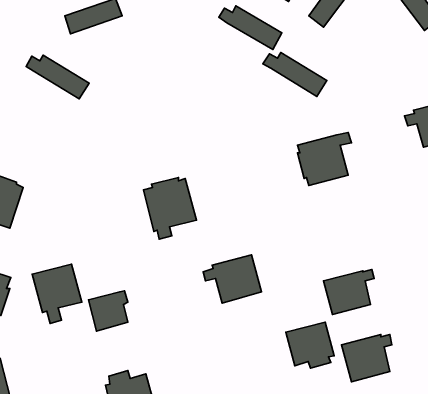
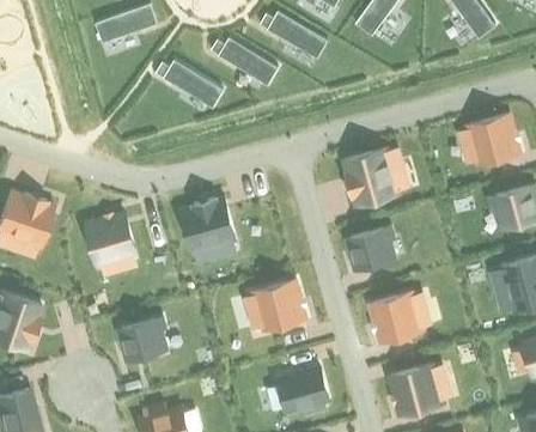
building: [263,53,327,96] -> [209,39,278,86]
building: [26,55,89,99] -> [156,62,223,109]
building: none -> [349,226,391,269]
building: [32,264,82,324] -> [84,209,136,273]
building: [286,322,334,368] -> [278,366,329,415]

